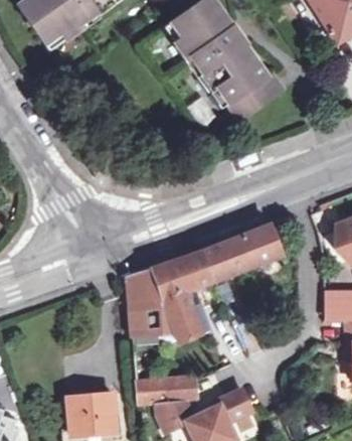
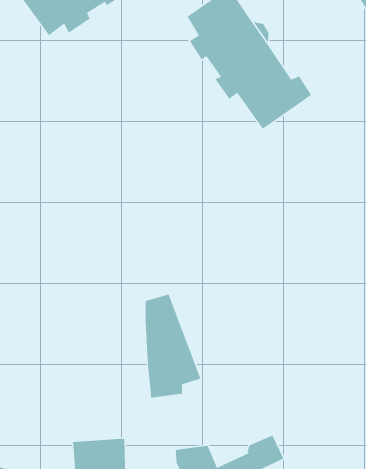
building: [152,224,282,341] -> none
building: [138,378,196,404] -> none

